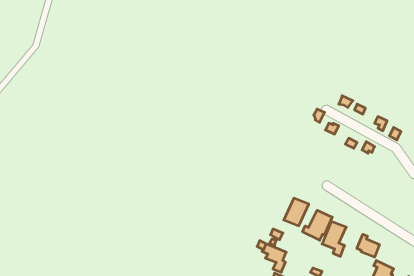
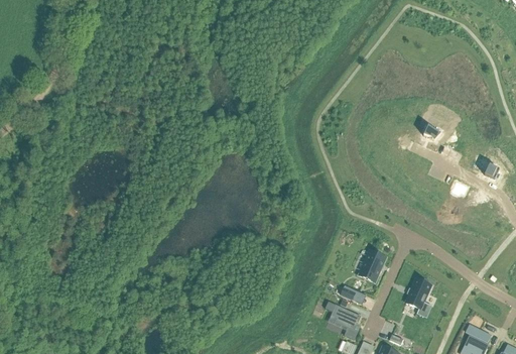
building: [303,210,332,240] -> none
building: [357,234,379,257] -> none

